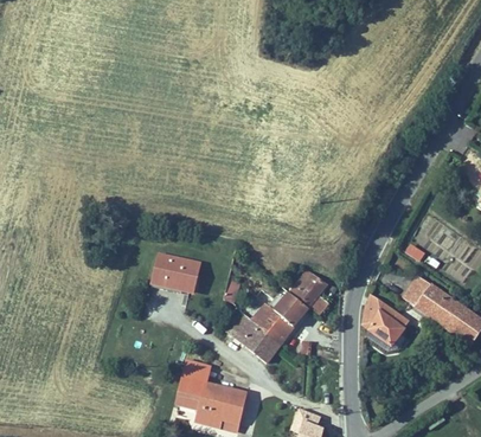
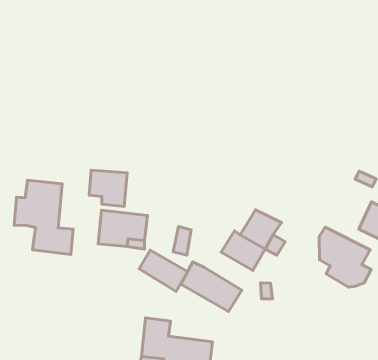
building: none -> [89,170,127,206]
building: none -> [14,180,73,254]
building: [249,302,295,345] -> [139,250,187,291]

